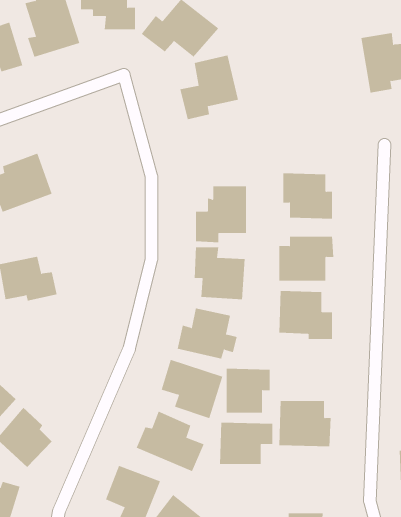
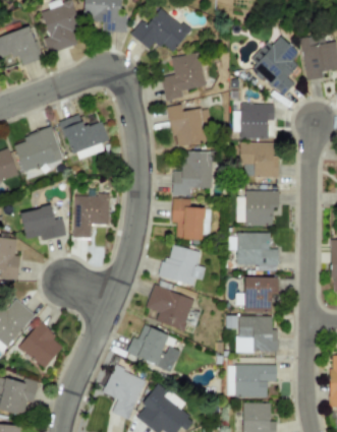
building: none -> [247,37,298,95]
building: none -> [239,103,274,139]
building: none -> [169,104,211,146]
building: none -> [59,114,109,153]
building: none -> [73,194,109,238]
building: [226,368,271,413] -> [243,276,278,311]
building: [219,422,273,464] -> [234,364,276,396]

